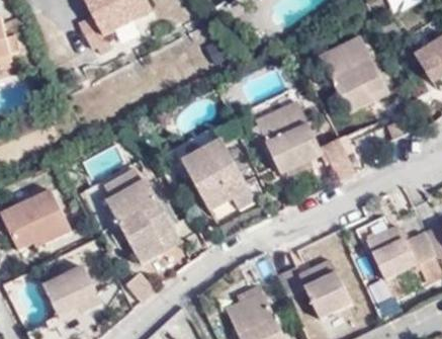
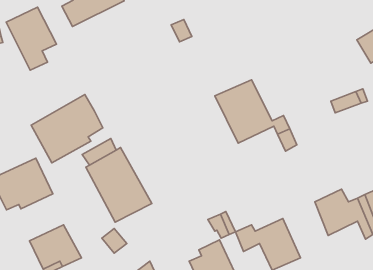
building: none -> [6,7,57,70]
building: [319,37,384,113] -> none
building: none -> [31,95,103,163]
building: [181,140,255,211] -> none

